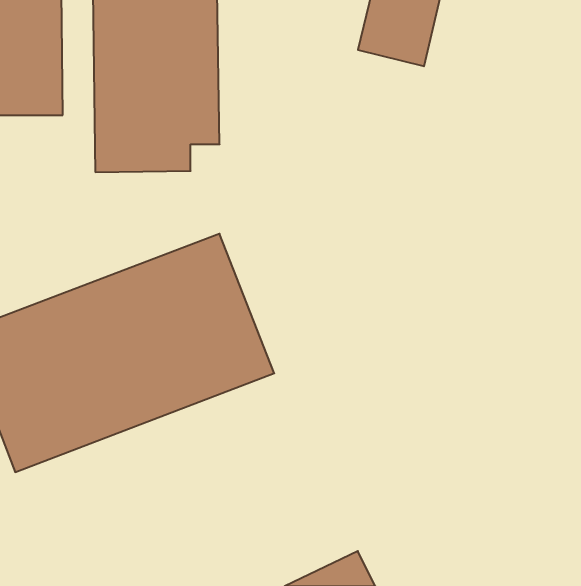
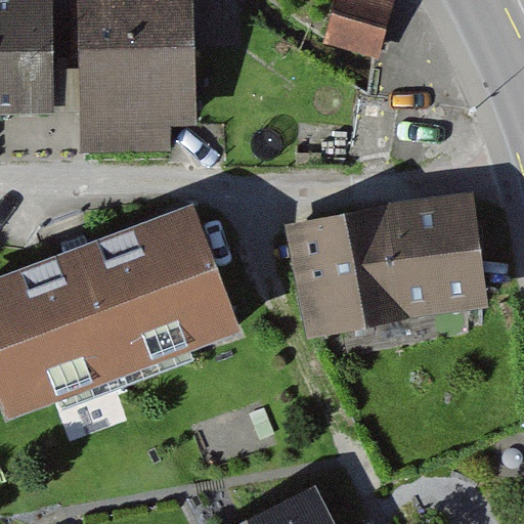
building: none -> [286,195,484,335]

